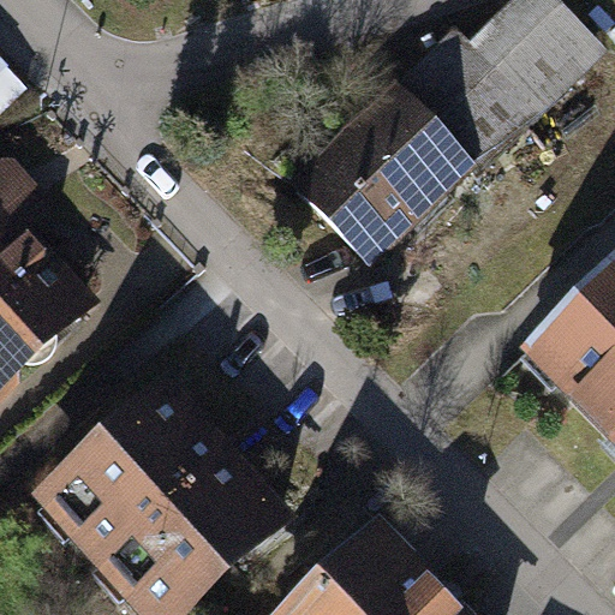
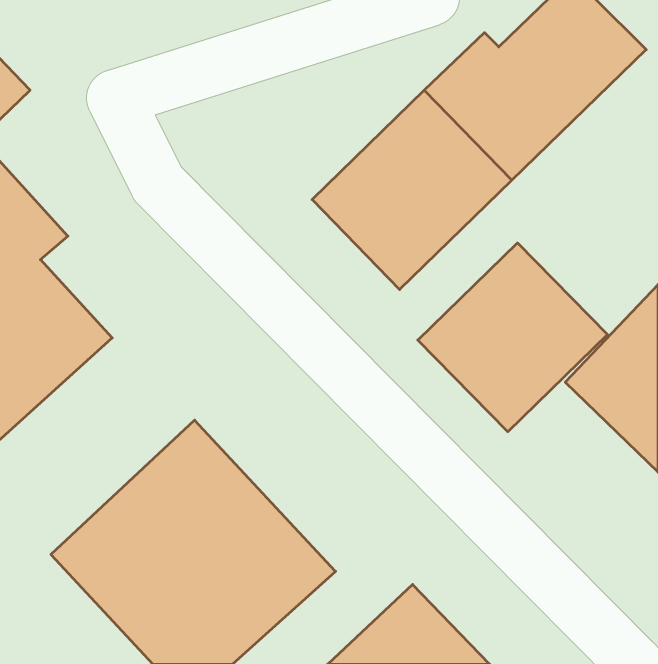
building: none -> [418,243,608,432]

